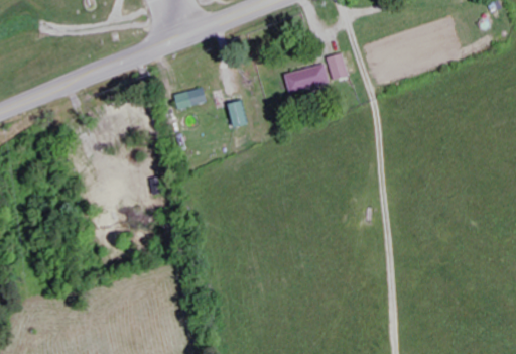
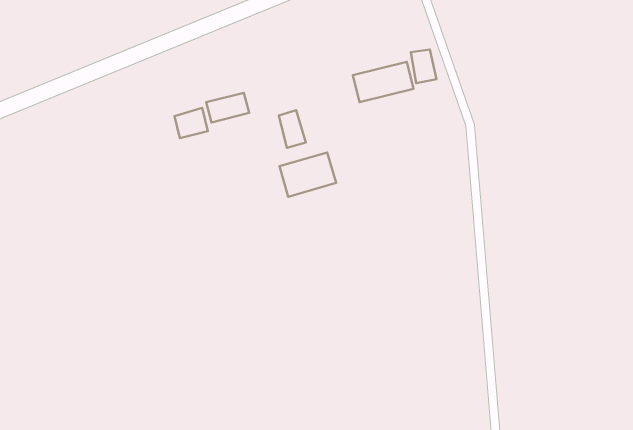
building: none -> [175,108,208,138]
building: none -> [279,152,336,197]

